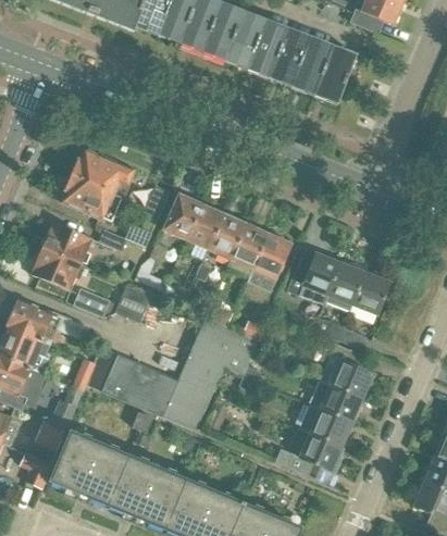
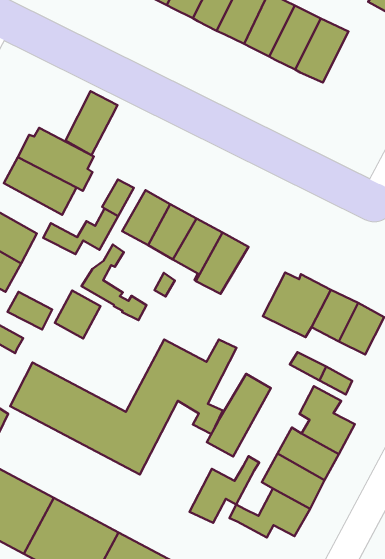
building: [319,46,357,99] -> none
building: none -> [65,91,117,155]
building: [243,233,291,302] -> [207,374,271,456]
building: none -> [189,456,259,523]

